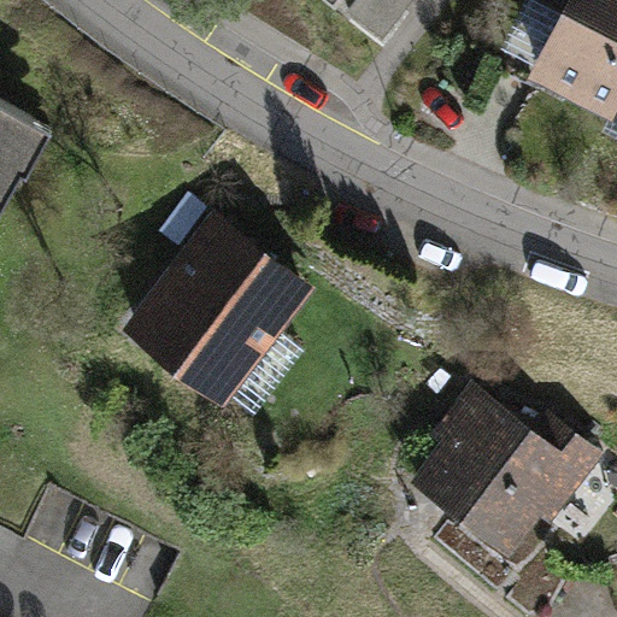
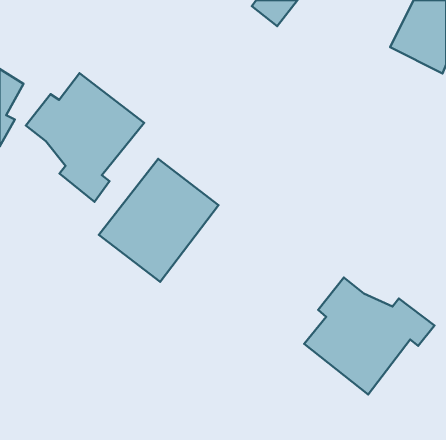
building: none -> [26,73,144,202]

